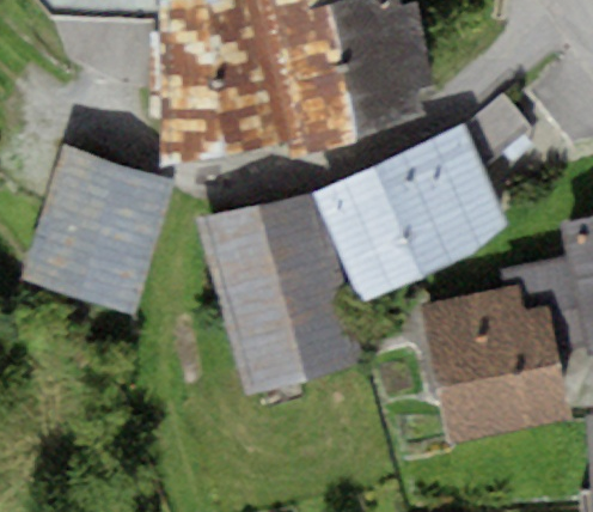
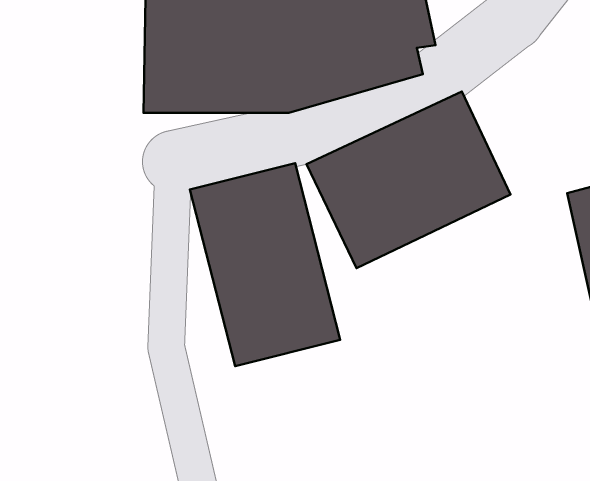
building: [30,163,178,322] -> none
building: [417,285,570,434] -> none

